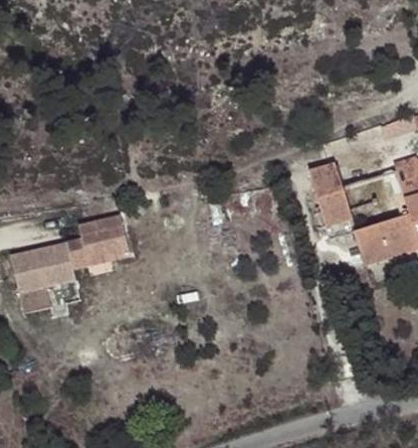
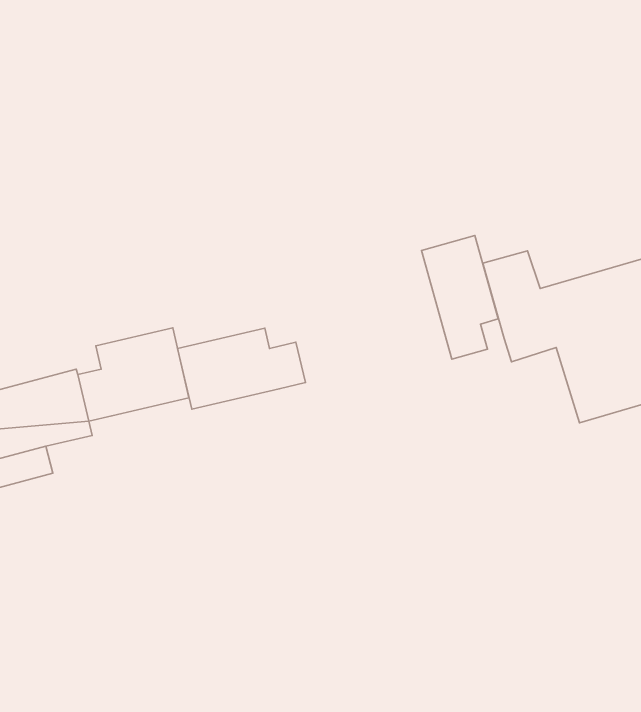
building: none -> [422,235,498,359]
building: none -> [178,328,305,409]

